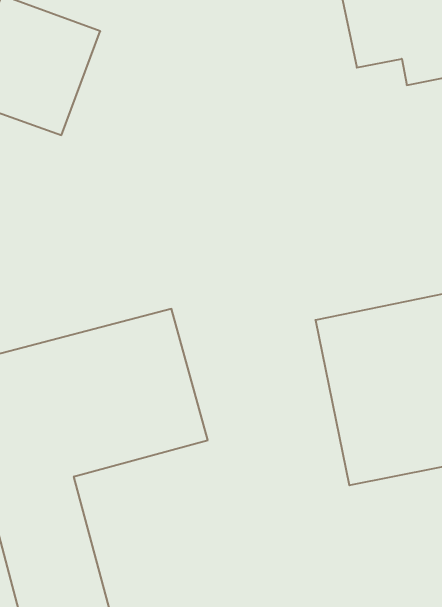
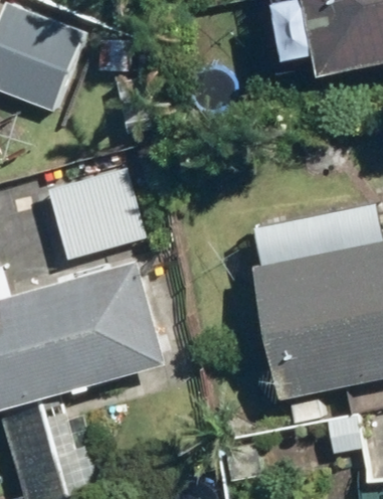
building: none -> [41,166,143,259]

